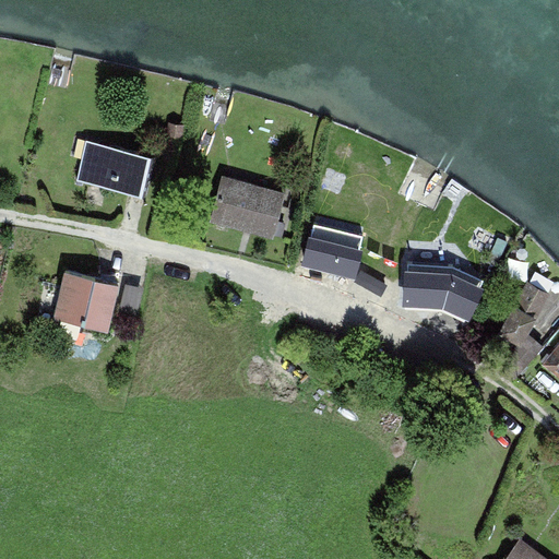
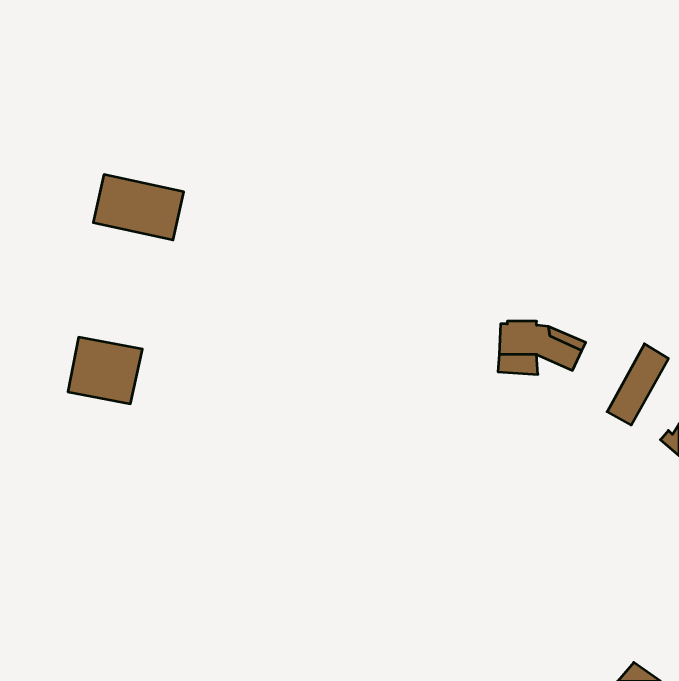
building: [210,178,281,241] -> none
building: [305,223,366,273] -> none

